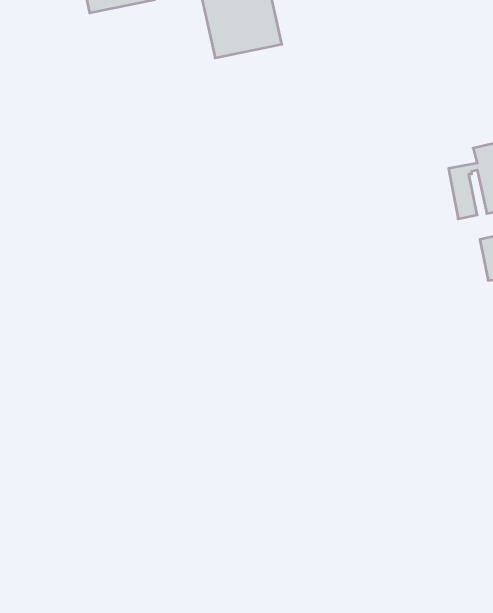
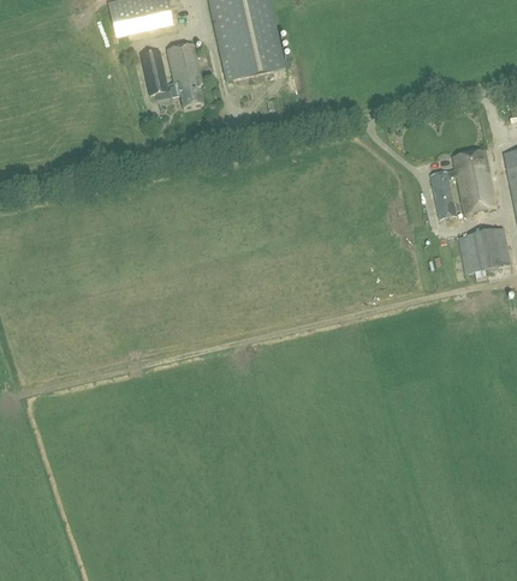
building: none -> [166,42,203,107]
building: none -> [141,49,168,92]

